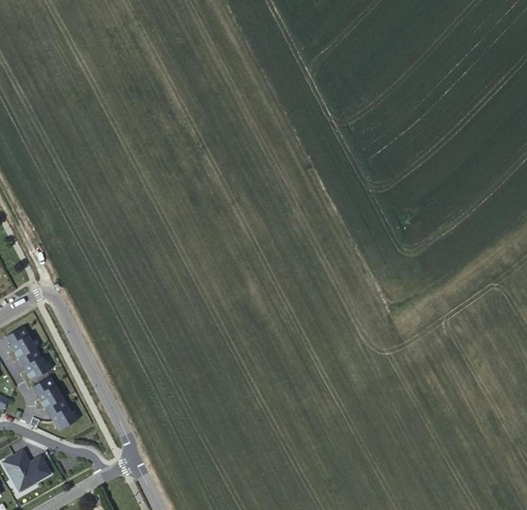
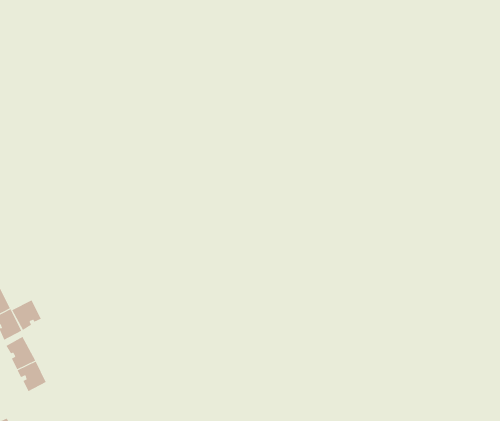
building: none -> [11,300,42,331]

